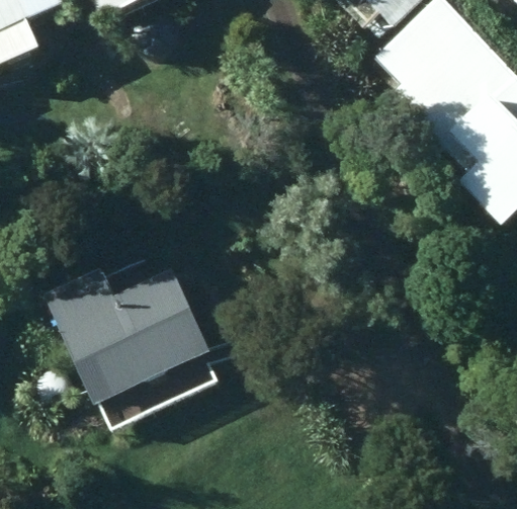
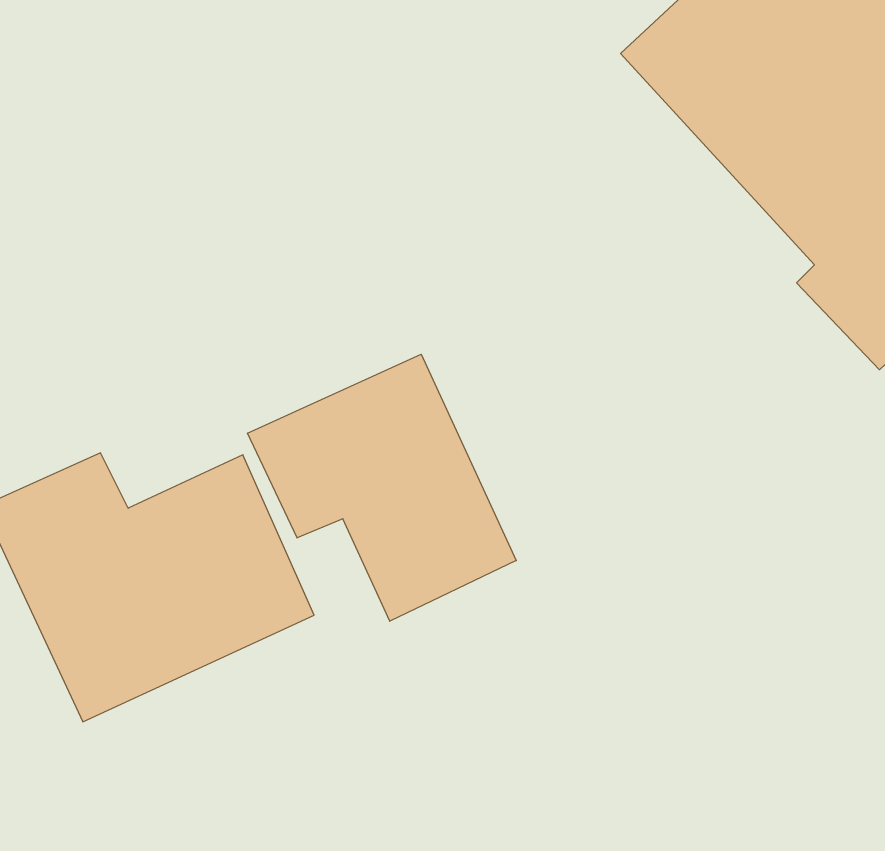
building: none -> [248,354,516,621]

